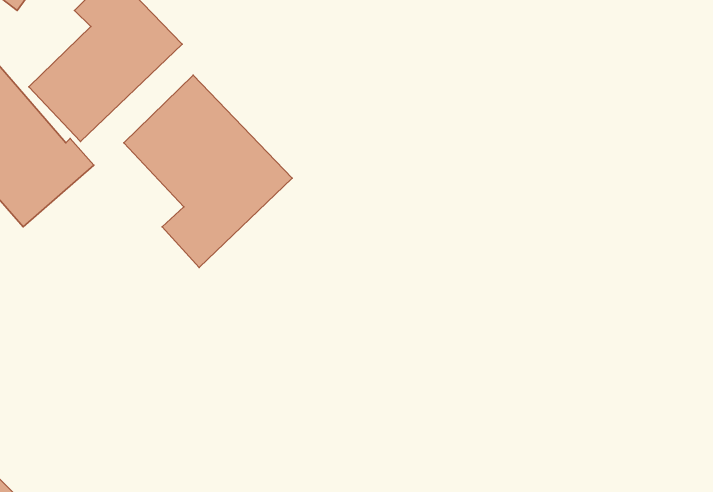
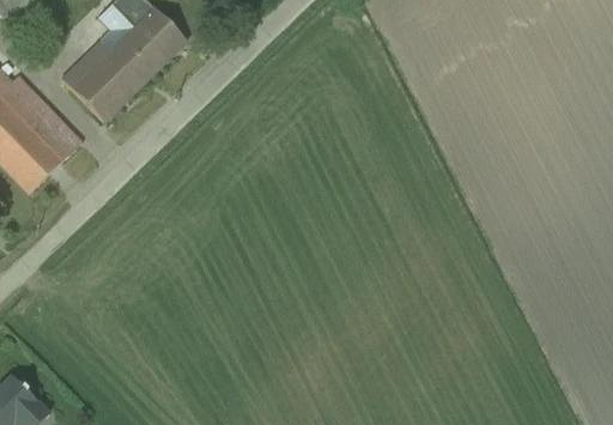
building: [124,75,292,268] -> none

